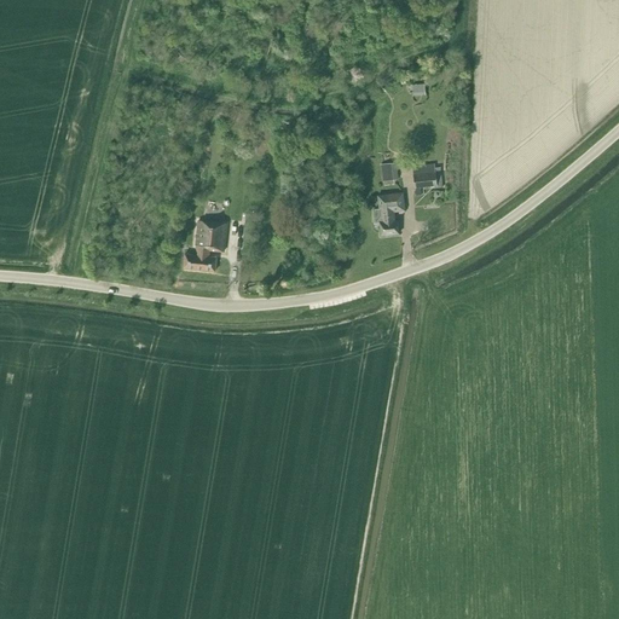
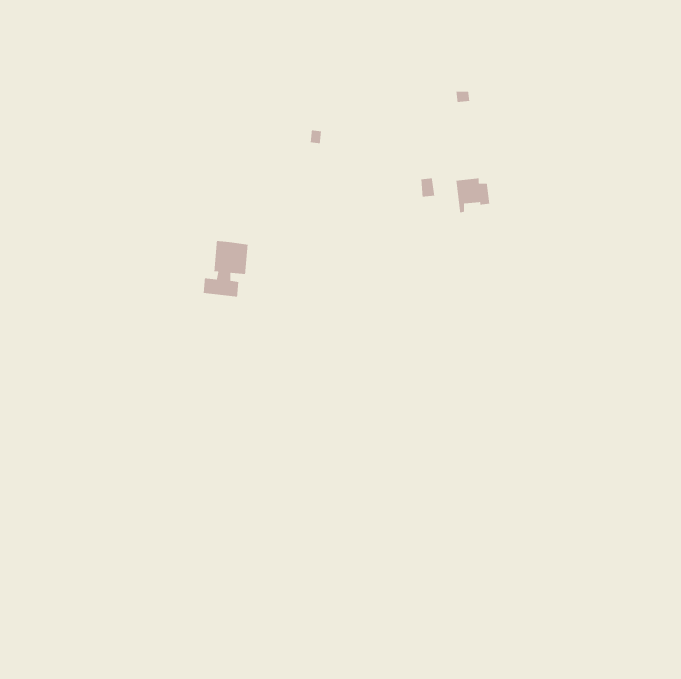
building: [376,191,406,233] -> none

